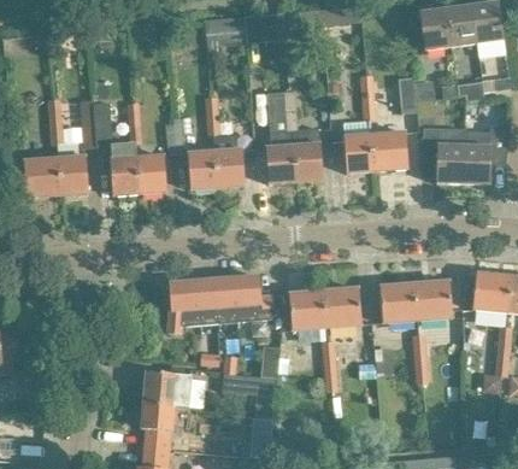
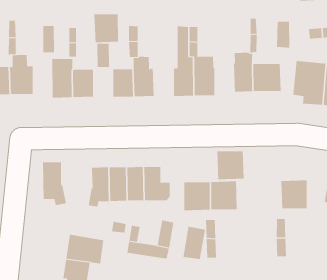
building: none -> [94,14,118,43]
building: none -> [42,161,66,206]
building: [379,283,418,323] -> [217,151,245,180]
building: none -> [183,226,206,260]

